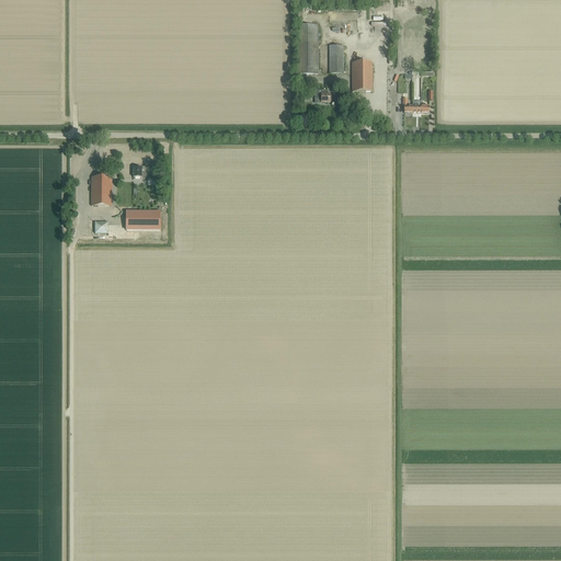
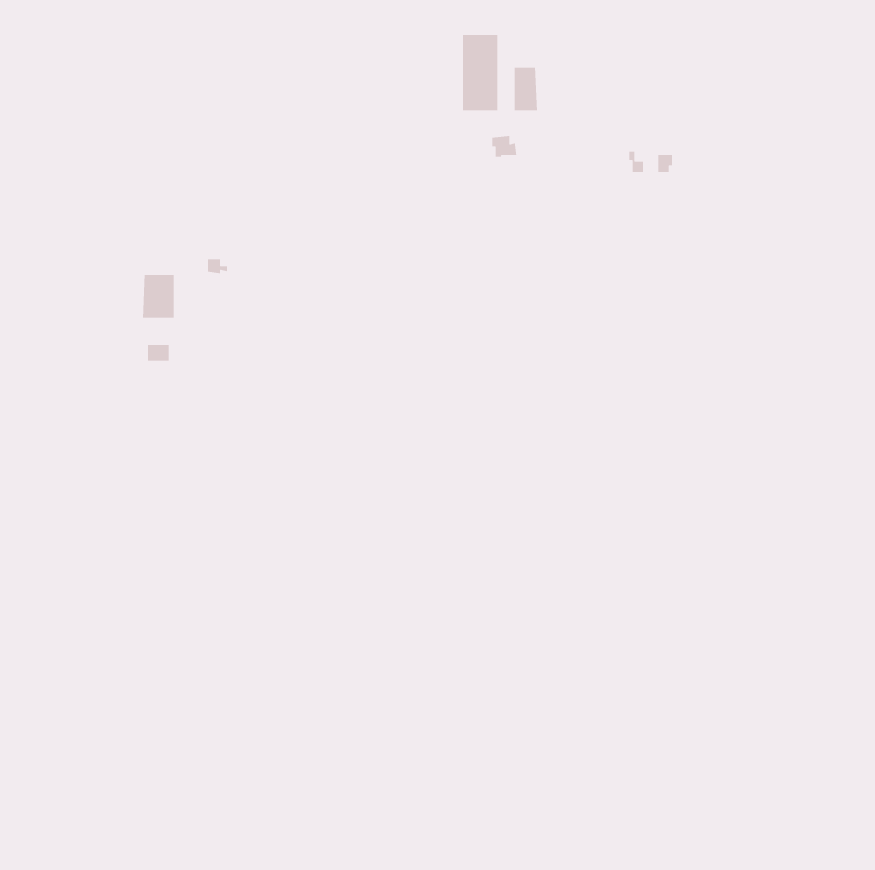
building: [352,60,371,89] -> none
building: [126,209,160,228] -> none

